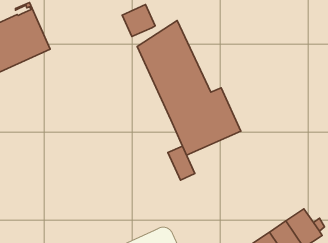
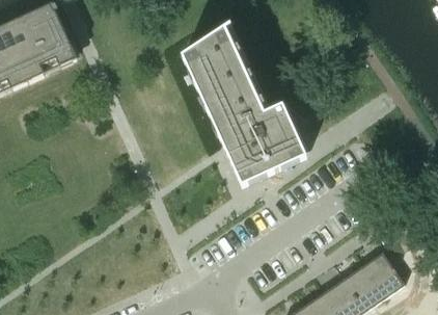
building: [122,4,155,36] -> none
building: [168,146,195,180] -> none

